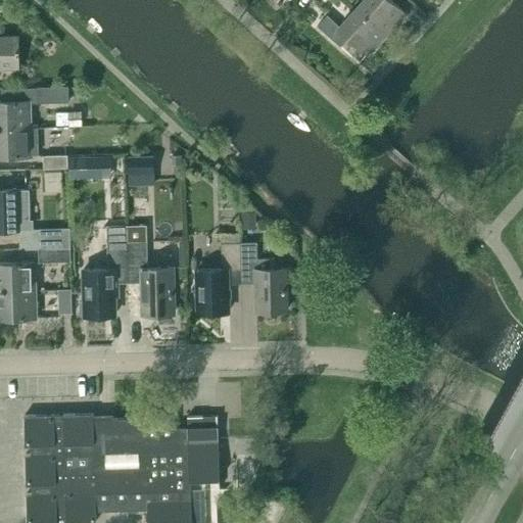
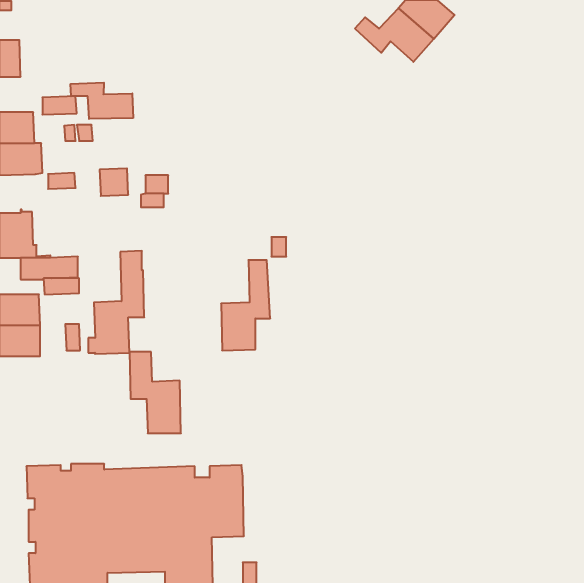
building: none -> [71,83,133,119]
building: [238,234,287,313] -> none
building: [128,243,174,316] -> [129,352,181,433]

